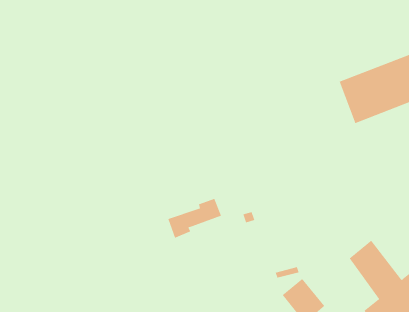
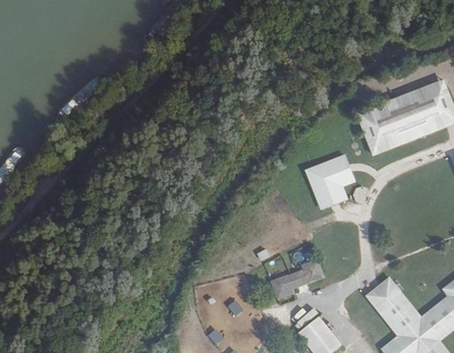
building: none -> [304,152,355,207]
building: [168,198,222,239] -> [270,258,326,300]

